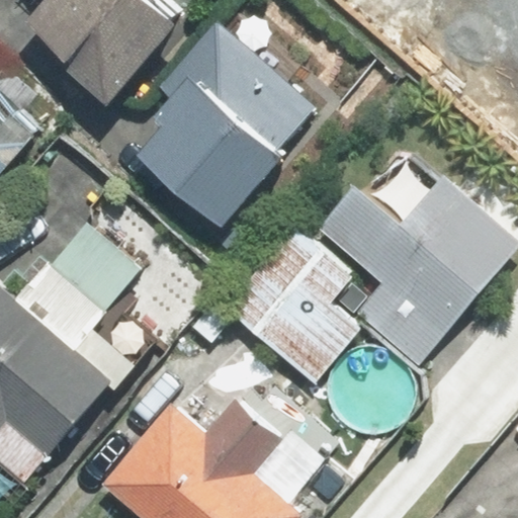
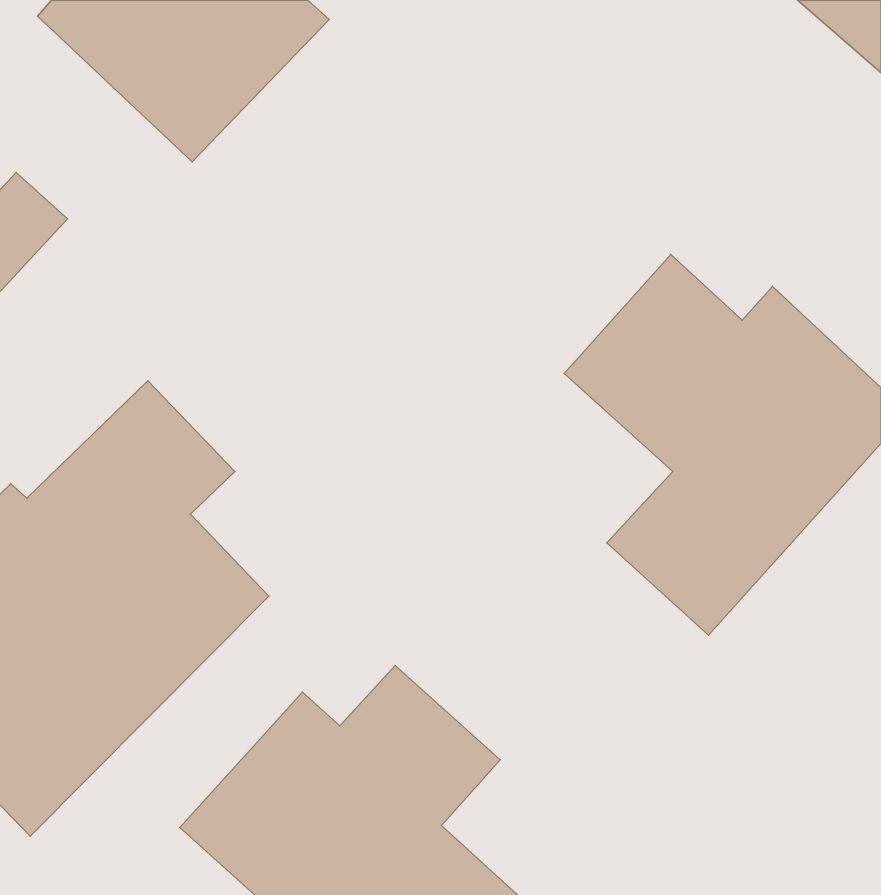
building: [145,25,313,220] -> none
building: [228,233,353,383] -> none

